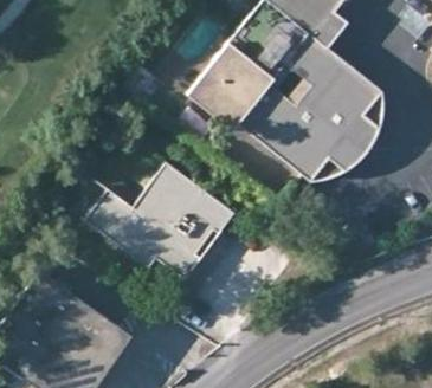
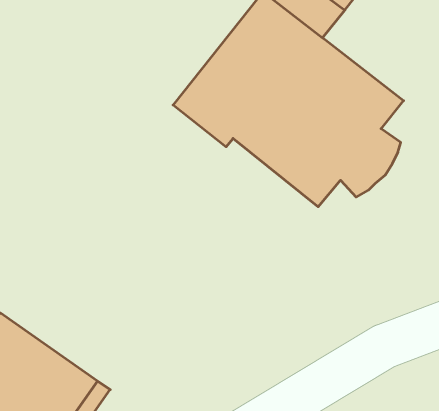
building: [86,163,237,280] -> none

